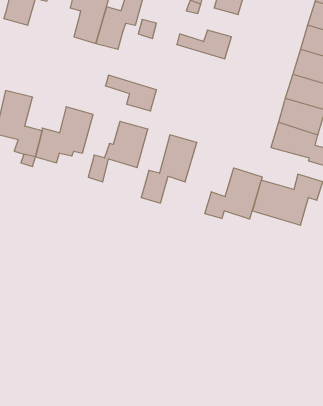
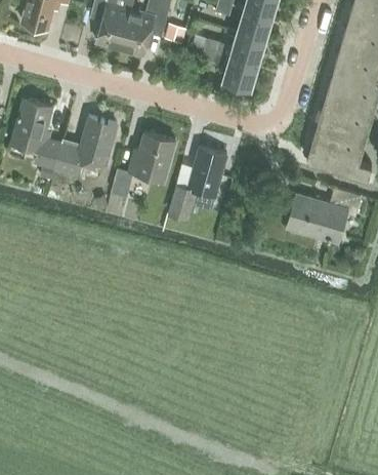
building: none -> [239,11,271,42]
building: [105,75,156,111] -> [203,50,257,88]
building: [205,168,262,219] -> none

